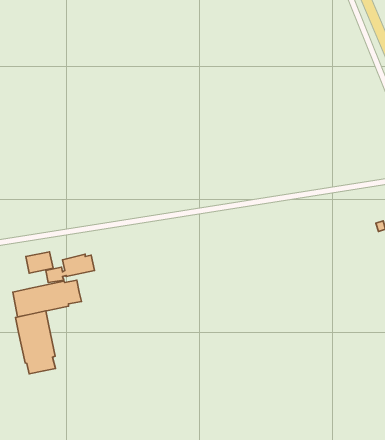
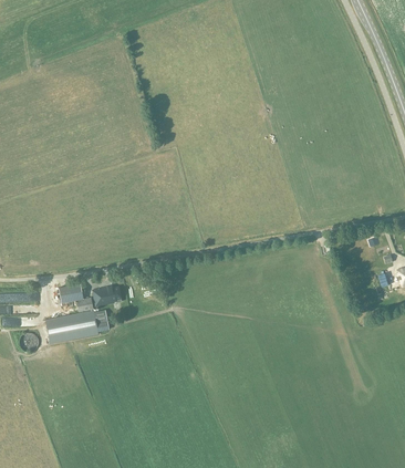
building: [16,311,55,374] -> none

